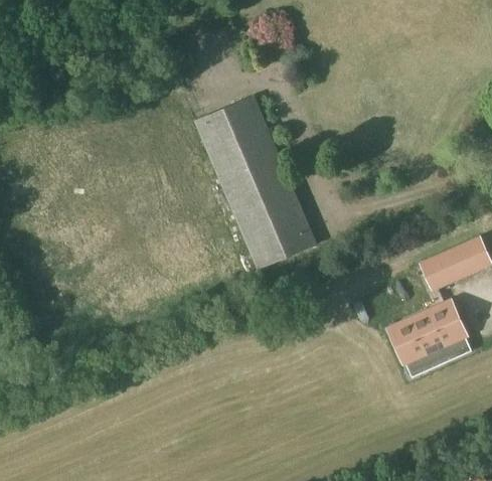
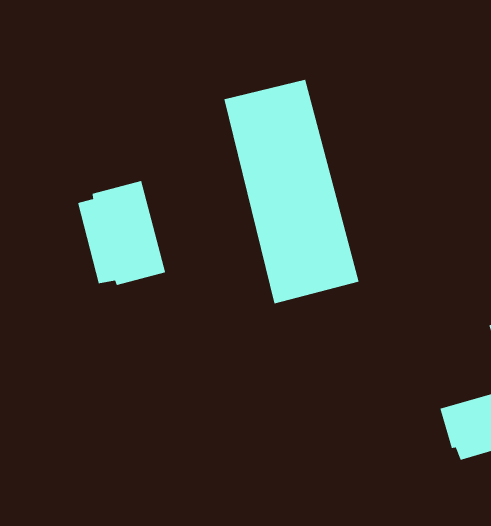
building: none -> [77,180,166,286]

